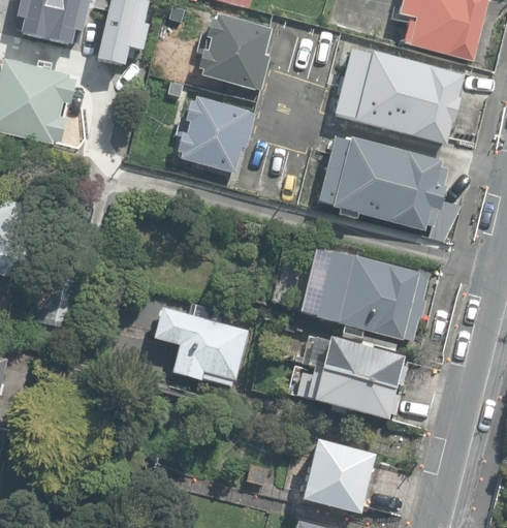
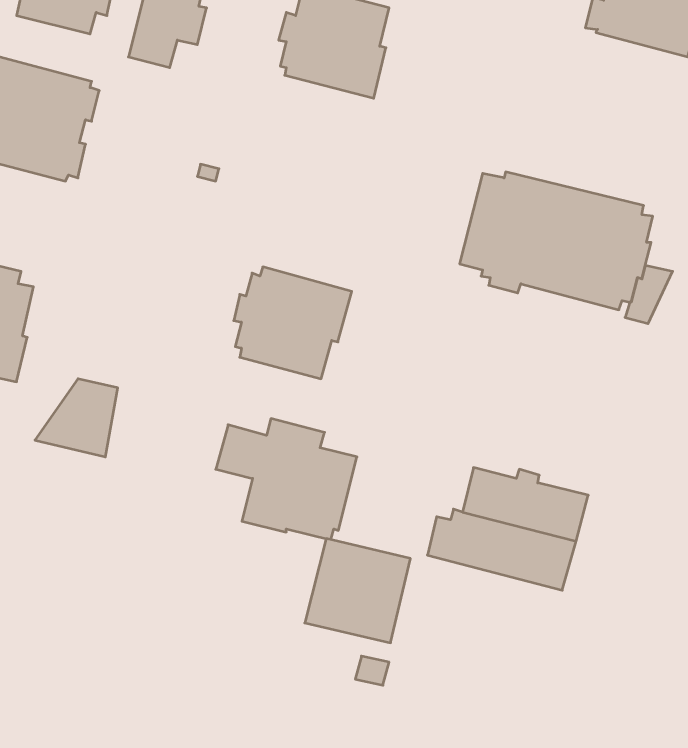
building: [334,50,464,144] -> none
building: [175,93,254,168] -> [234,267,352,379]
building: [315,248,429,340] -> none
building: [302,441,373,511] -> [305,539,410,643]

